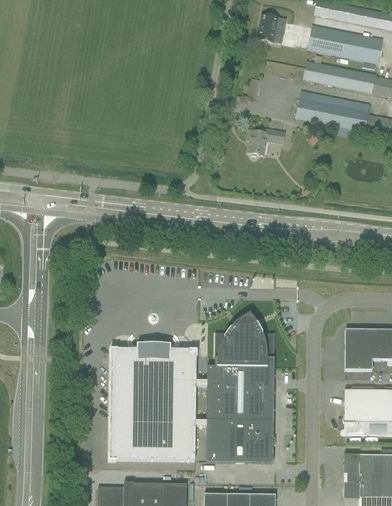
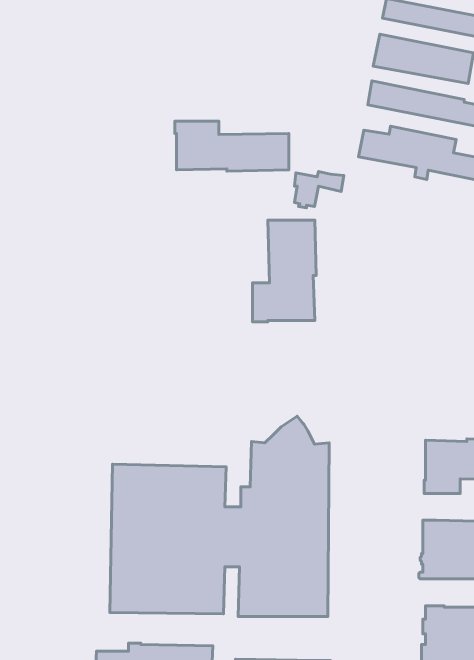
building: [256,13,284,43] -> none
building: none -> [175,121,289,171]
building: none -> [252,220,316,322]

